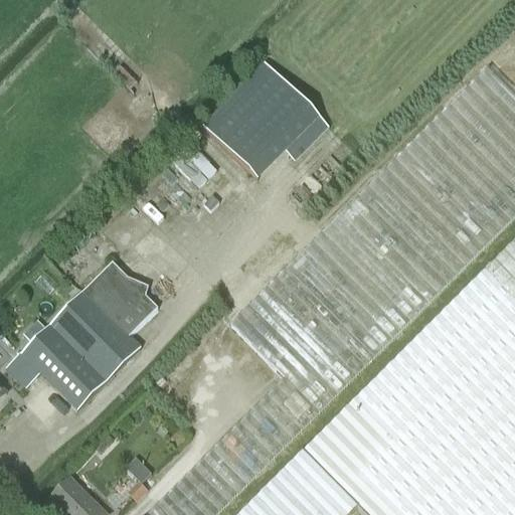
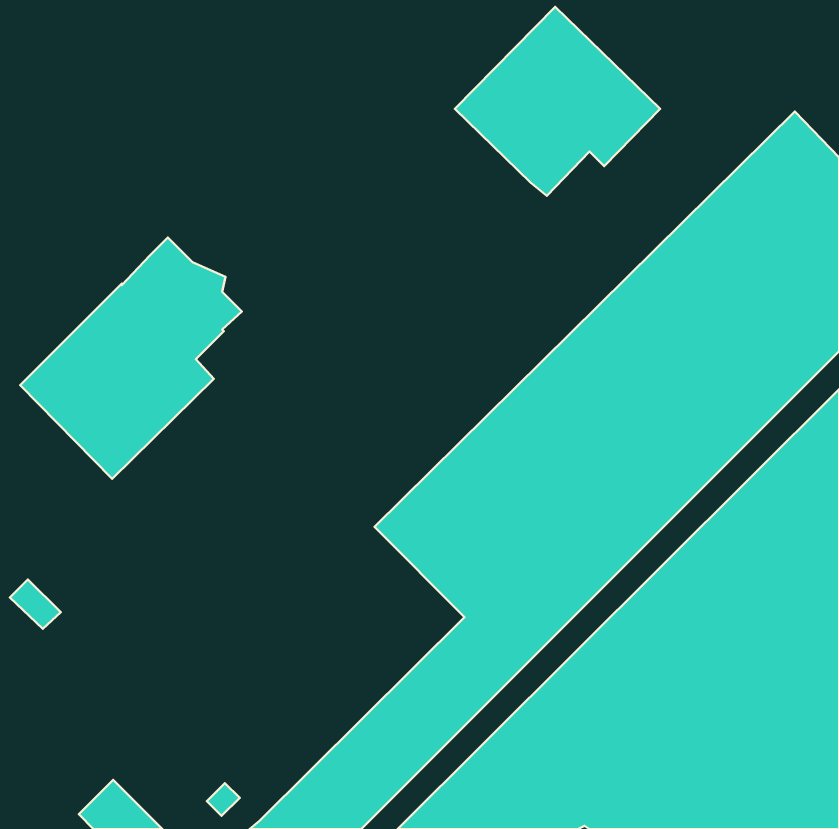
building: [202,62,328,178] -> [455,7,660,196]
building: [21,262,157,409] -> [20,238,242,479]

